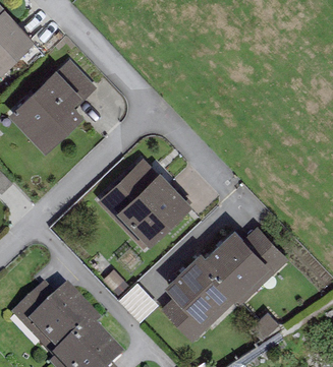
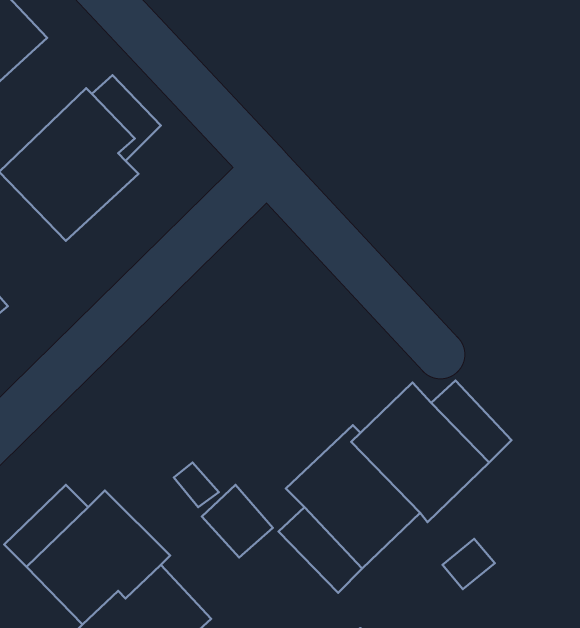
building: [98,158,193,248] -> none

